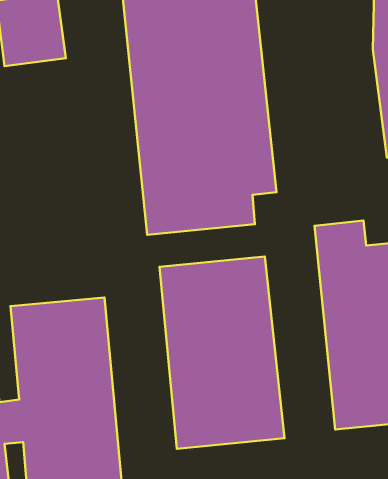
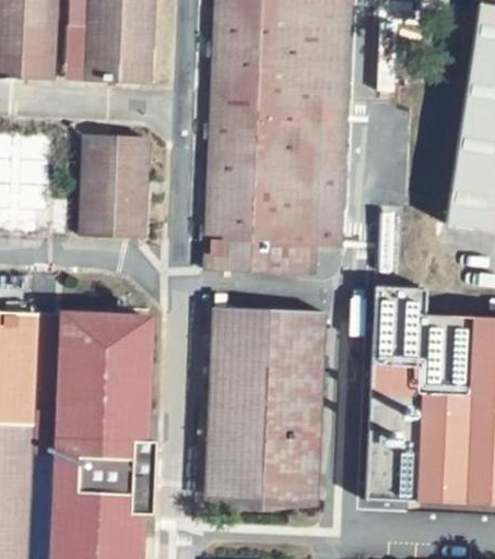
building: none -> [78,131,146,234]

